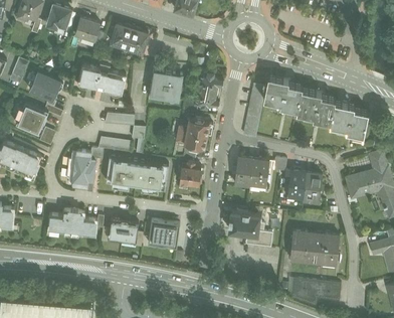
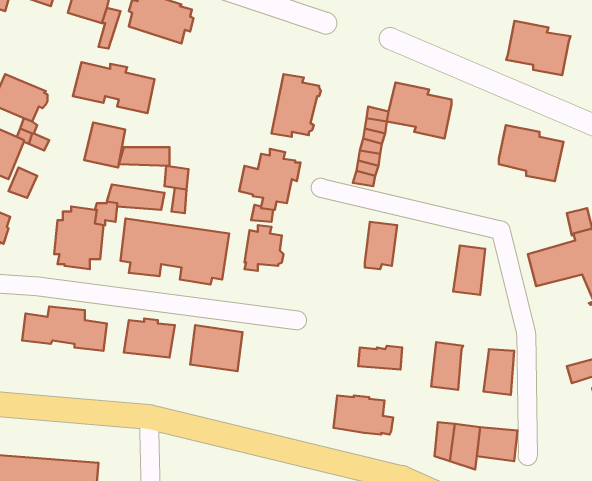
building: [149,68,183,99] -> none
building: [297,89,335,121] -> [506,21,571,75]
building: none -> [84,123,125,168]
building: [234,156,253,184] -> none
building: [287,170,307,199] -> none
building: [229,210,264,233] -> [334,396,393,435]
building: [306,233,324,259] -> none

